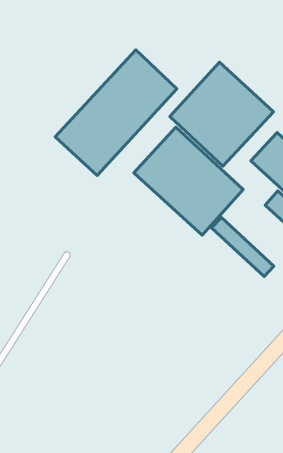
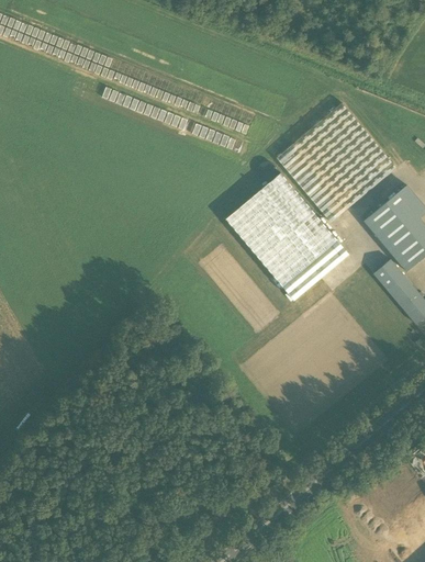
building: [55,50,177,176] -> none
building: [212,218,274,276] -> none

